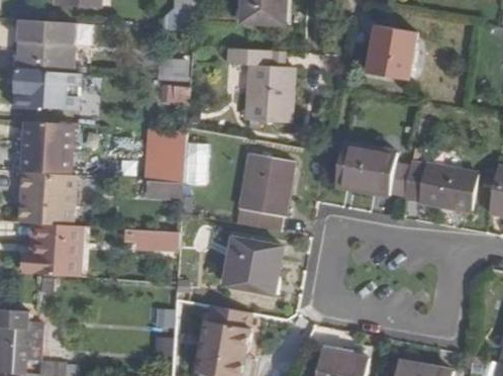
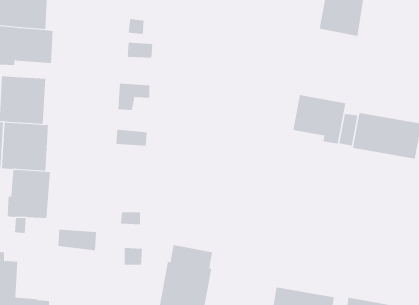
building: [225,49,293,122] -> none
building: [144,145,185,182] -> none
building: [236,154,295,230] -> none
building: [136,228,179,252] -> [57,229,97,251]
building: [223,237,283,294] -> none

